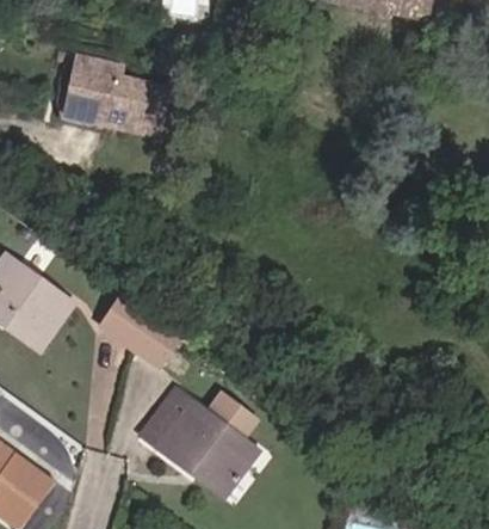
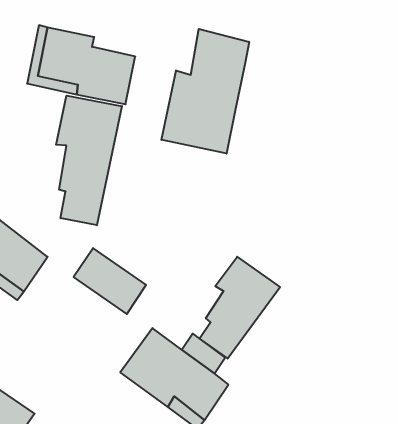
building: none -> [161,29,249,154]
building: none -> [56,96,122,225]
building: none -> [199,257,280,359]

